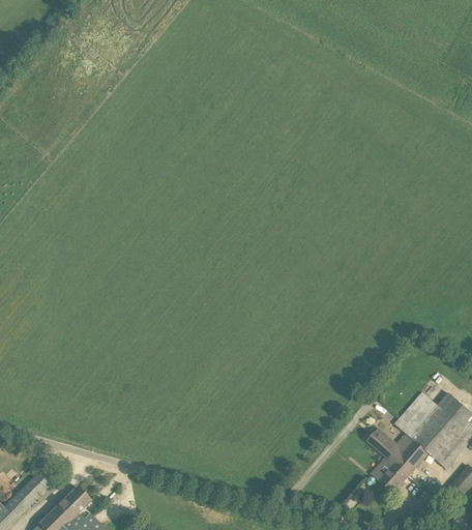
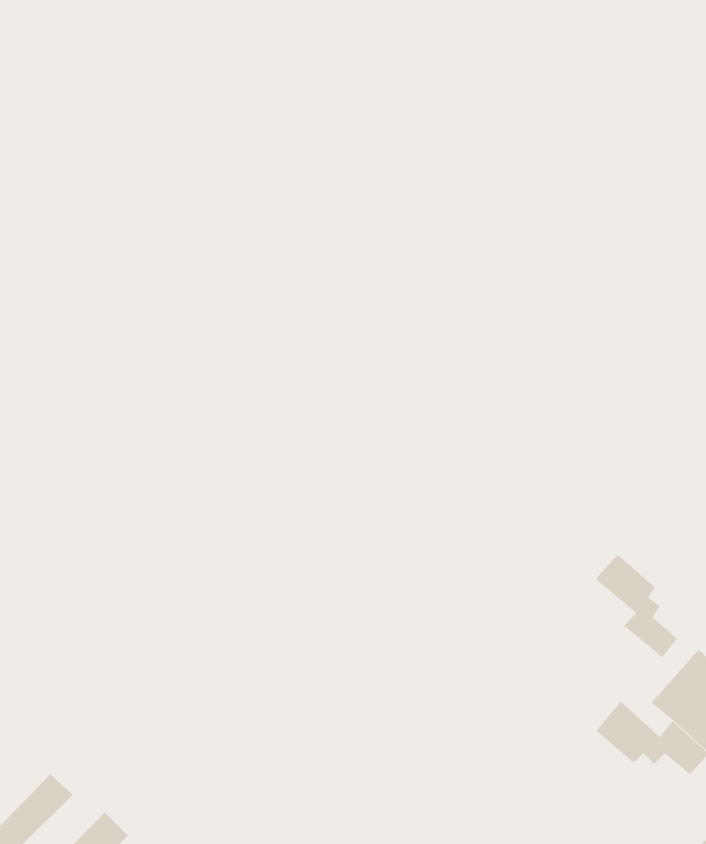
building: none -> [595,554,678,658]
building: [377,453,415,494] -> none

